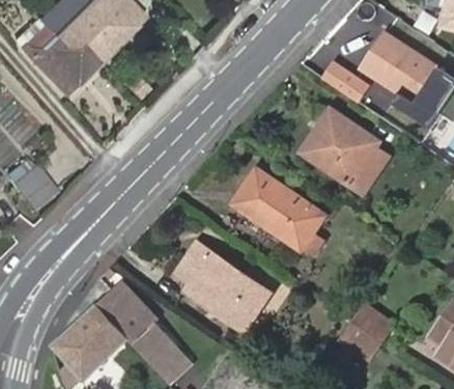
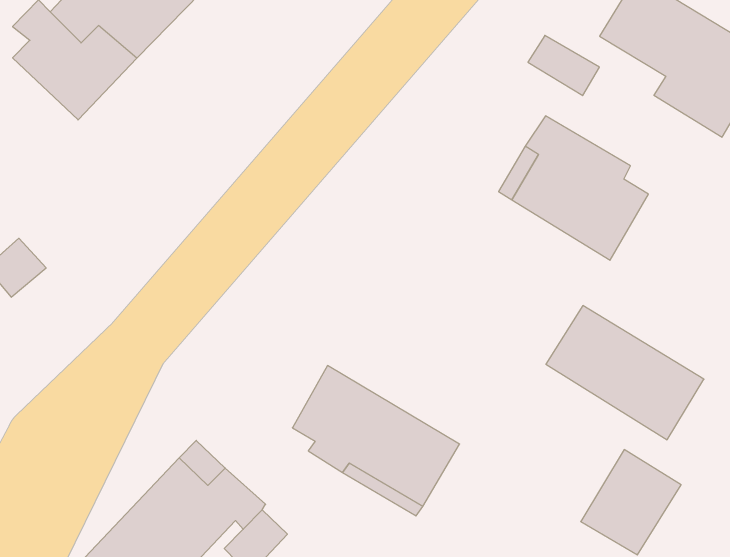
building: [233,170,322,249] -> [546,306,704,440]

